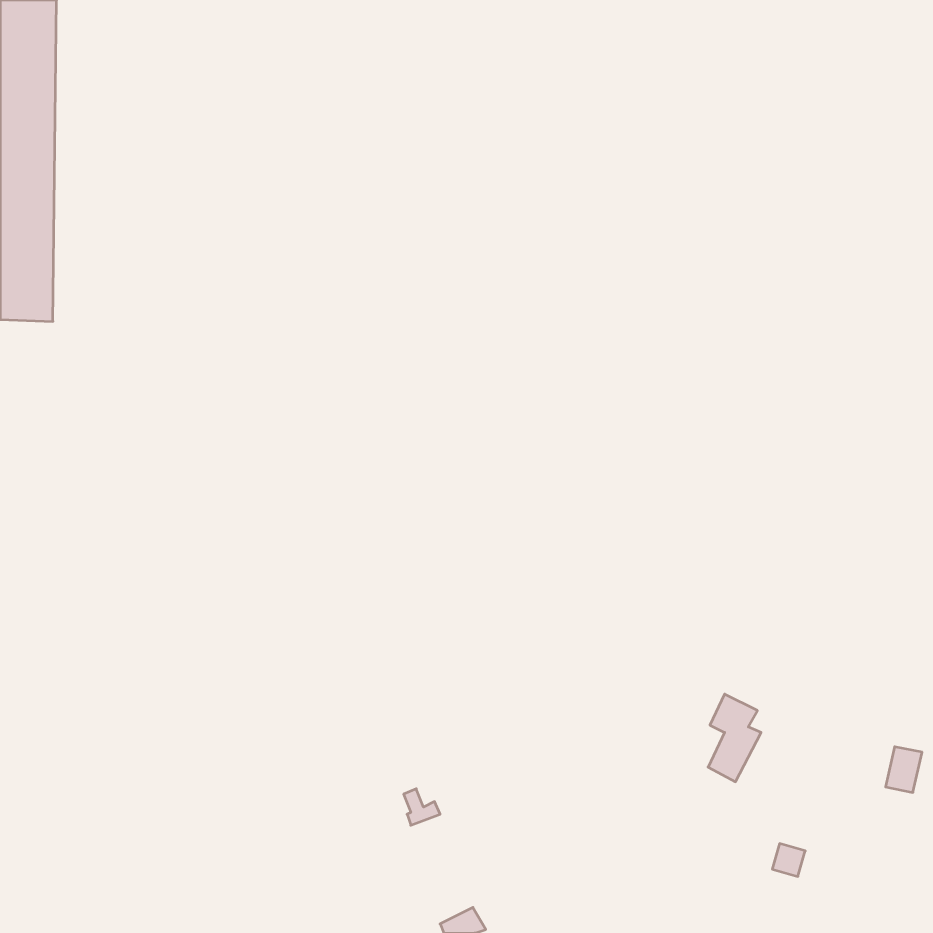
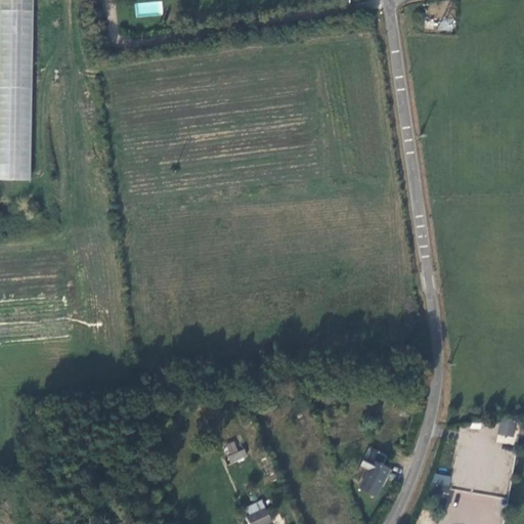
building: [708,694,761,782] -> [359,447,389,496]

